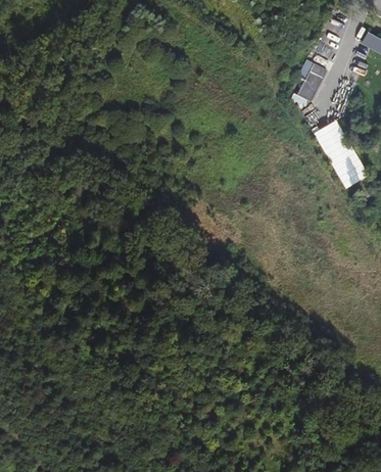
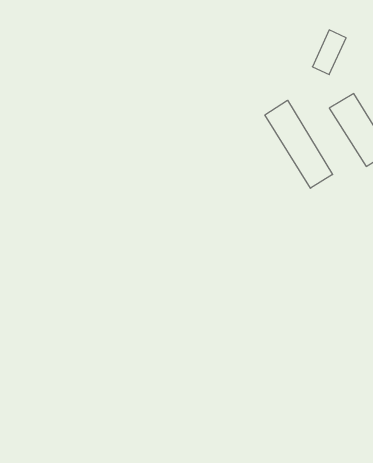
building: none -> [265,100,333,188]

